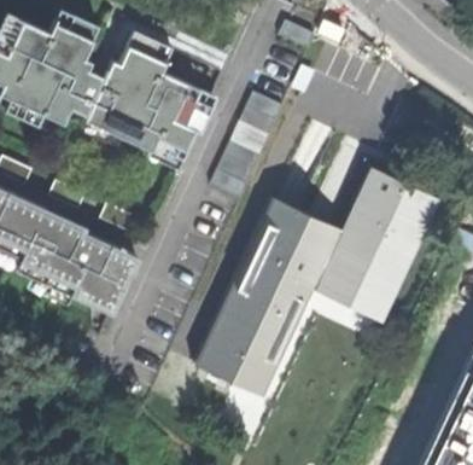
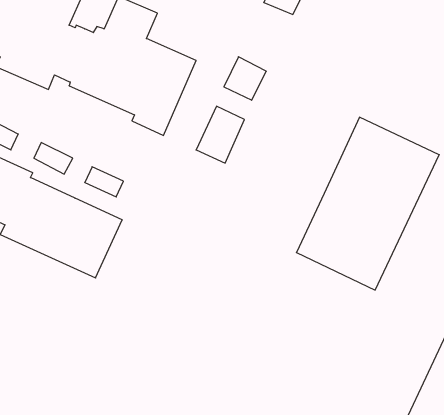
building: [195,199,338,394] -> none

